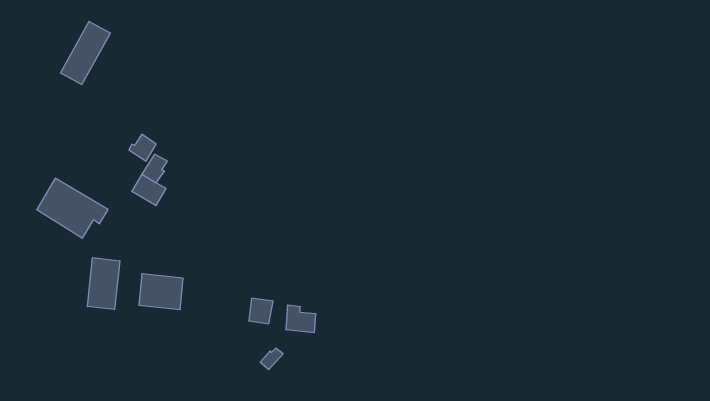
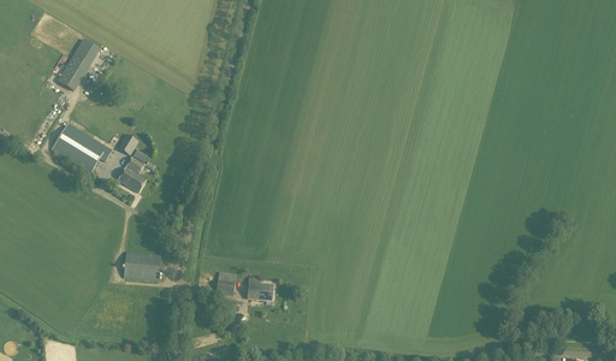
building: [37,178,108,238] -> [52,123,112,173]
building: [88,258,120,310] -> none

